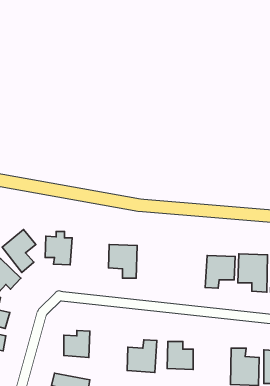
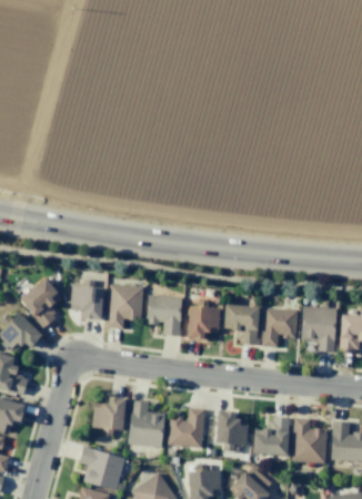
building: none -> [108,284,143,328]
building: none -> [188,299,220,338]
building: none -> [224,305,259,344]
building: none -> [128,400,164,447]
building: none -> [253,416,289,455]

